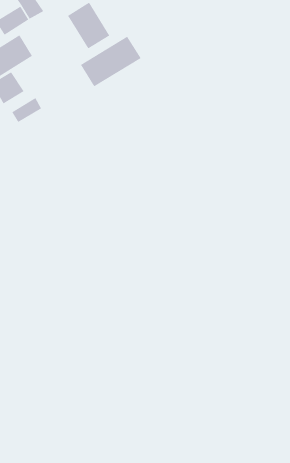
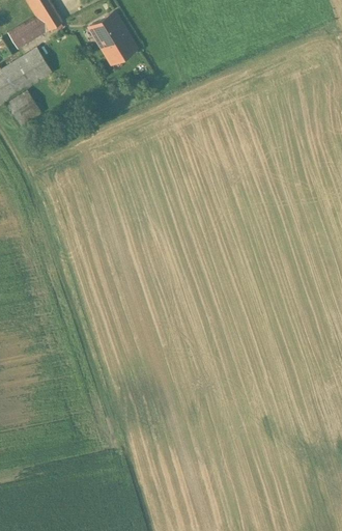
building: [80,36,141,87] -> none
building: [11,97,42,123] -> none

